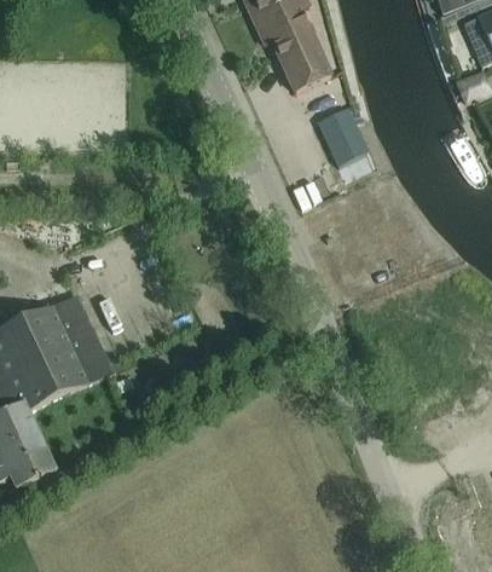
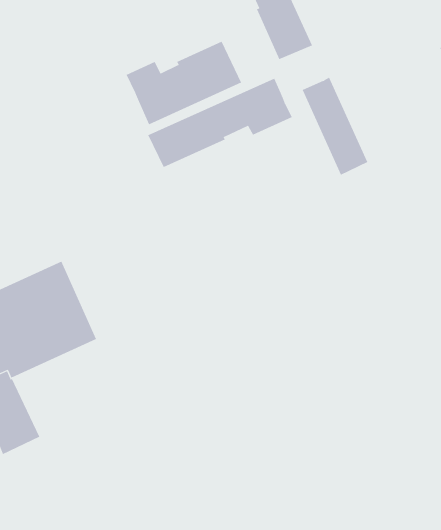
building: none -> [126,41,242,125]
building: none -> [148,78,292,168]

